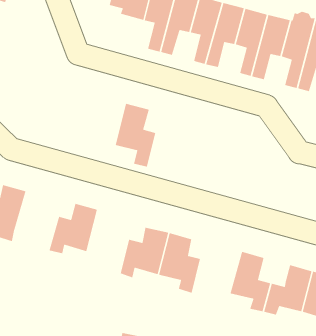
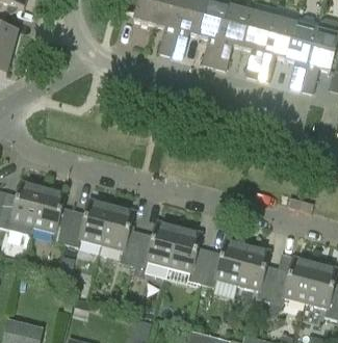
building: [115,103,156,167] -> [101,203,140,264]
building: none -> [32,185,74,242]
building: none -> [201,237,248,286]

